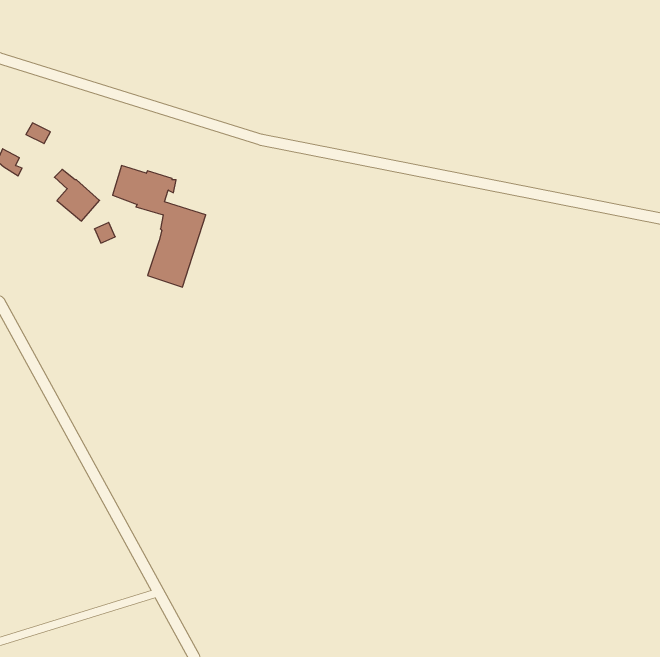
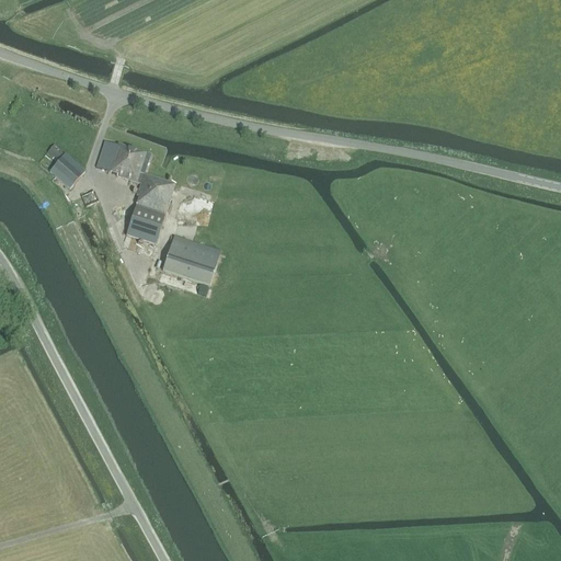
building: none -> [162,234,220,285]

